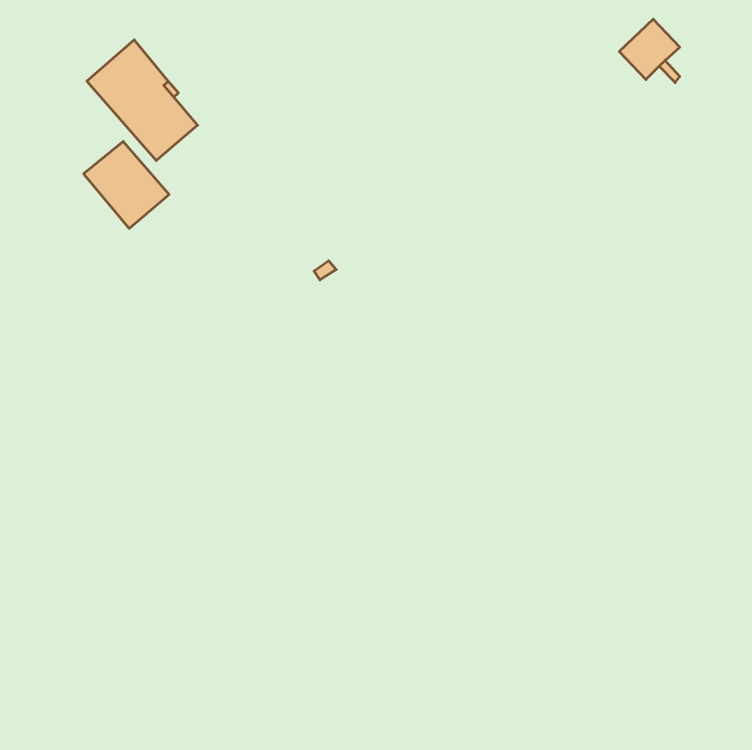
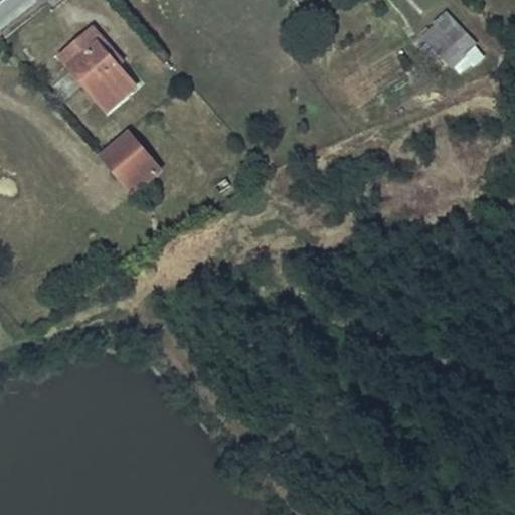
building: [84,141,169,228] -> [102,133,160,192]

